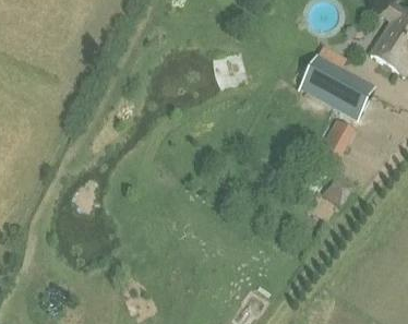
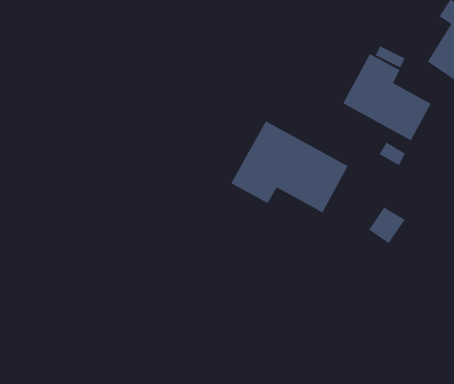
building: none -> [230,120,349,213]

